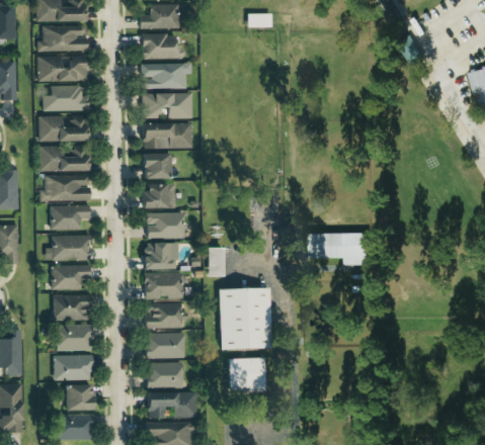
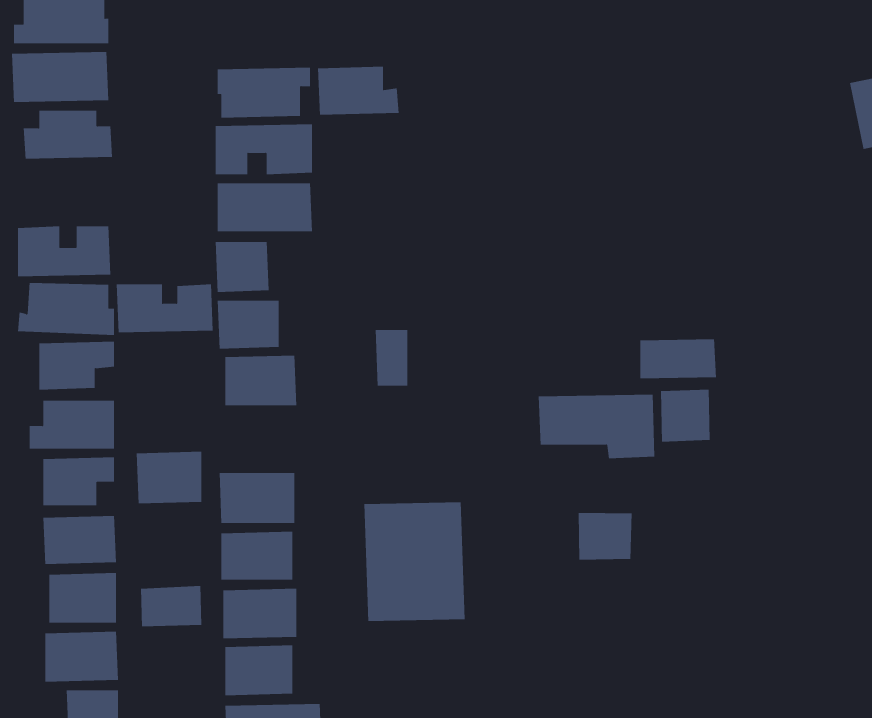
building: [142,34,184,60] -> [317,66,399,115]
building: [37,116,88,142] -> [116,284,214,333]
building: none -> [640,339,716,379]
building: none -> [661,389,710,442]
building: [144,243,178,270] -> [136,451,202,504]
building: [207,248,224,277] -> [375,329,408,386]
building: none -> [578,512,632,561]
building: none -> [141,585,202,627]
building: [229,358,265,392] -> none

